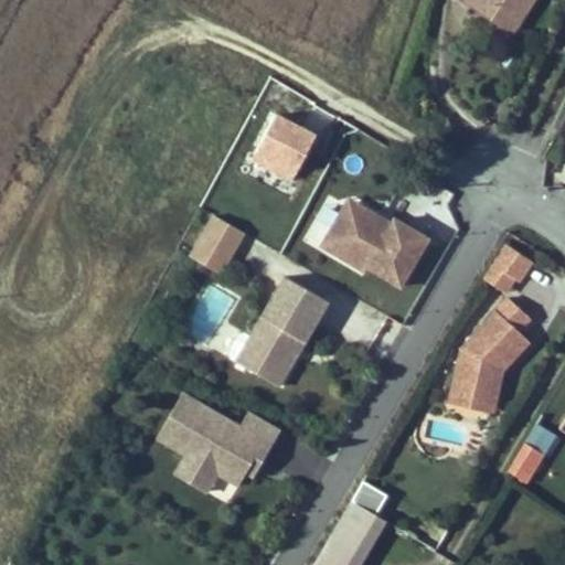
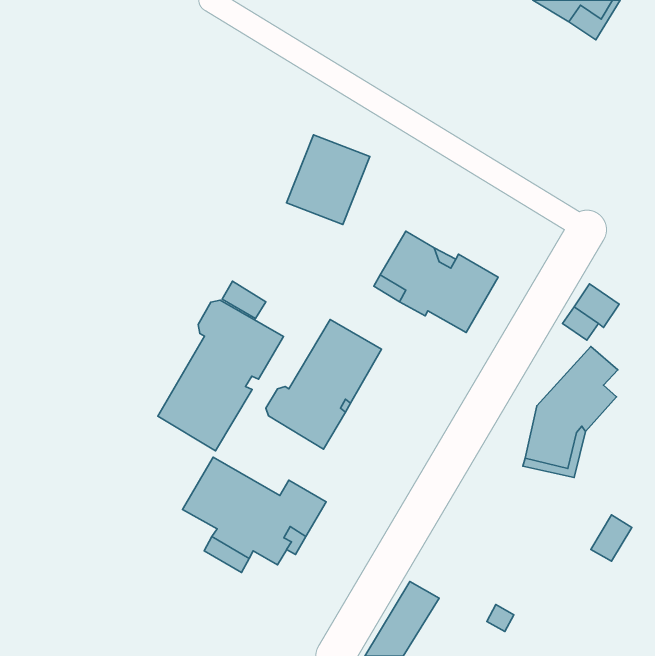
building: [201,215,245,259] -> none
building: none -> [158,300,284,451]

